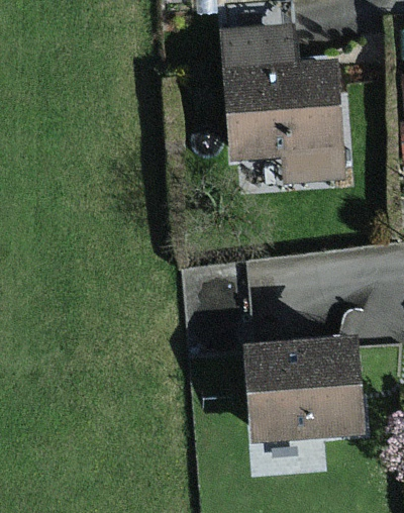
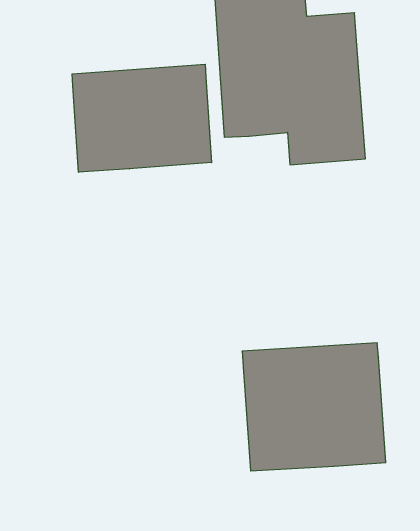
building: none -> [72,64,212,172]

